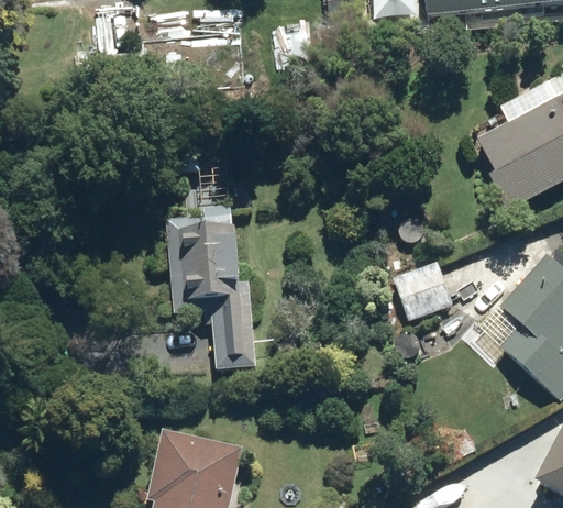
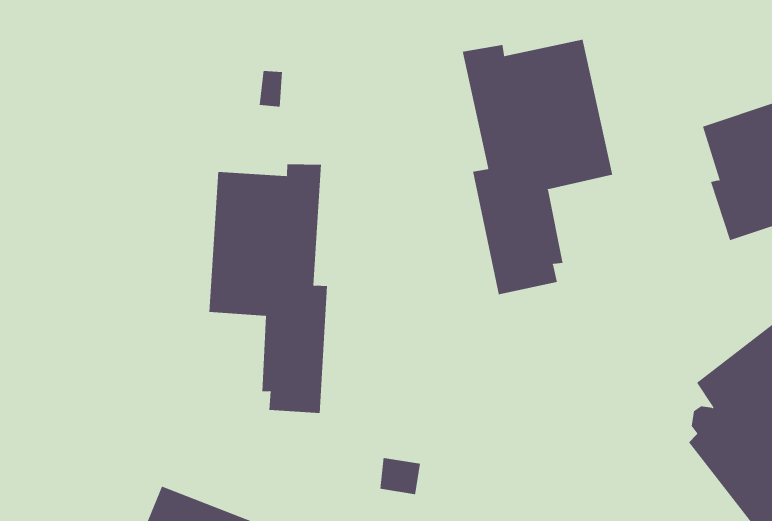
building: none -> [462,39,613,295]
building: [394,262,453,320] -> none

